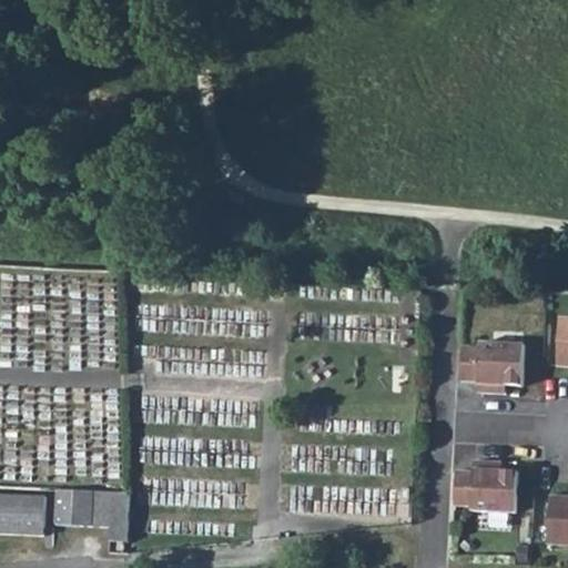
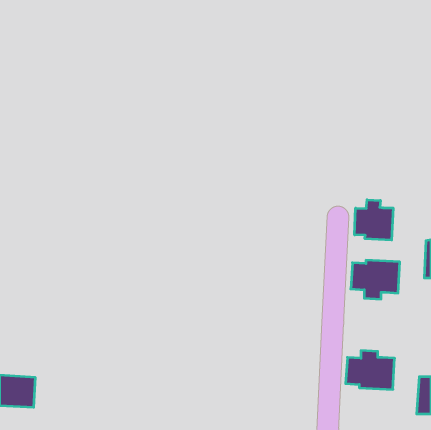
building: none -> [355,200,393,240]
building: [57,488,130,540] -> none

